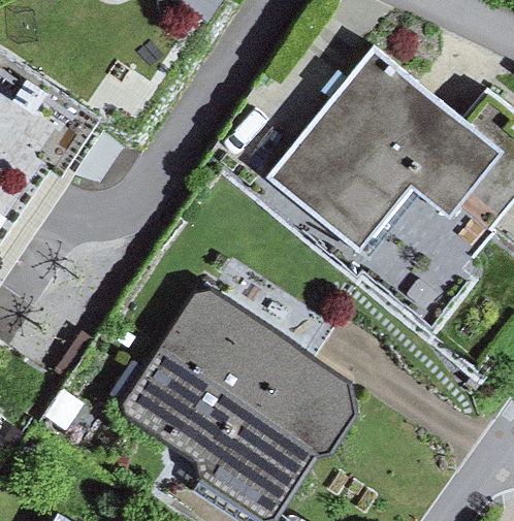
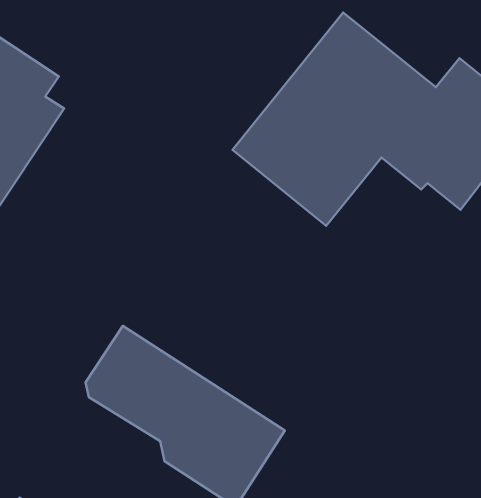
building: [156,292,353,450] -> none

